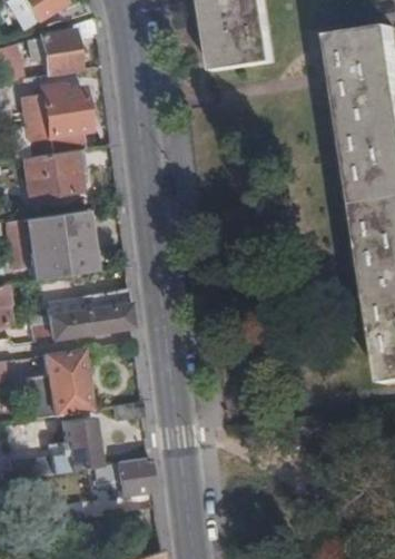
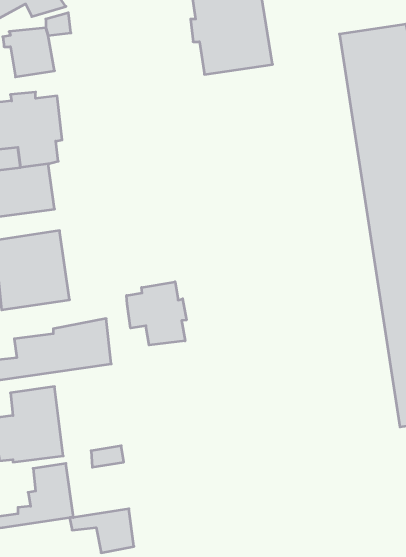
building: none -> [127,282,186,345]

